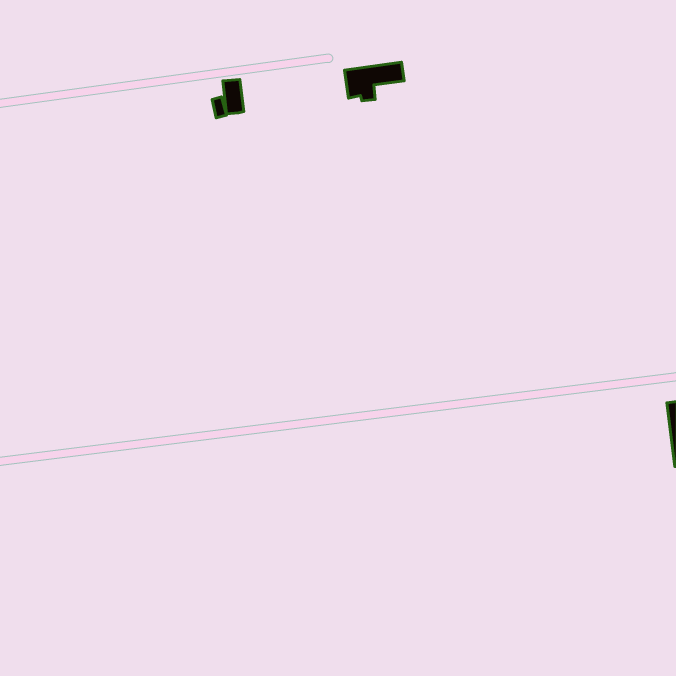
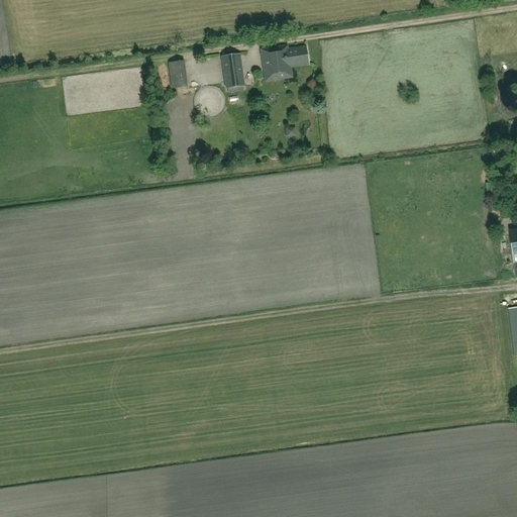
building: none -> [223,54,243,87]

